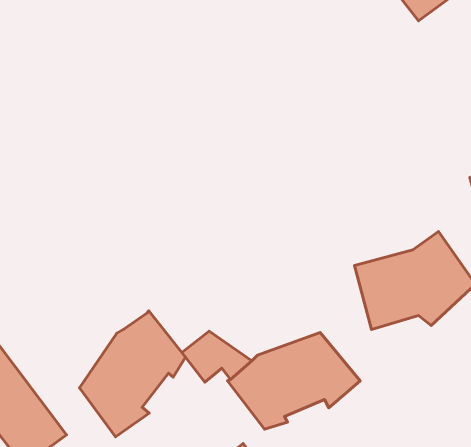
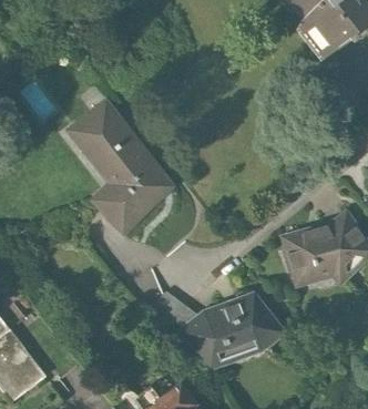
building: none -> [63,102,167,234]
building: [79,311,186,437] -> none

